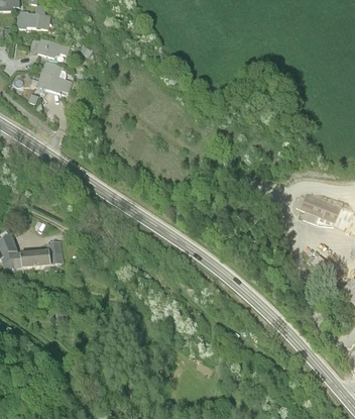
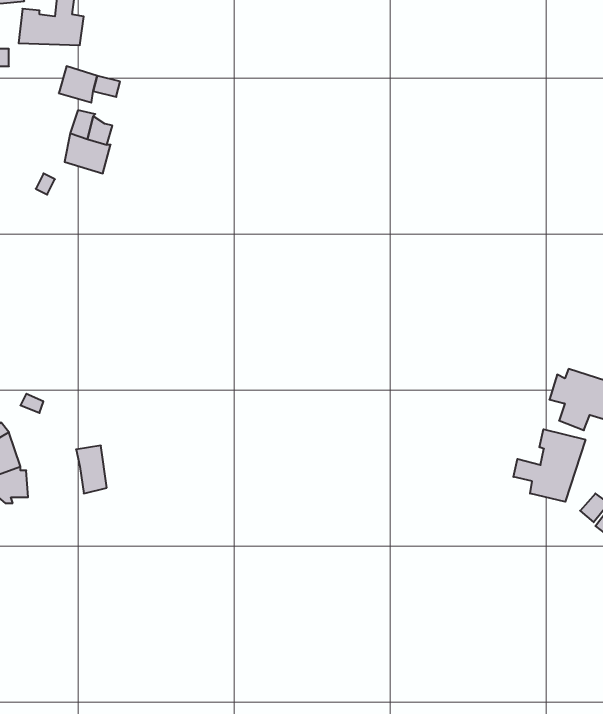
building: none -> [513,429,585,502]
building: [20,249,50,266] -> none

